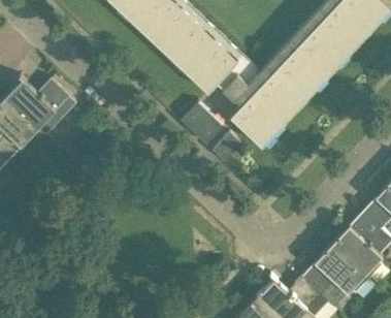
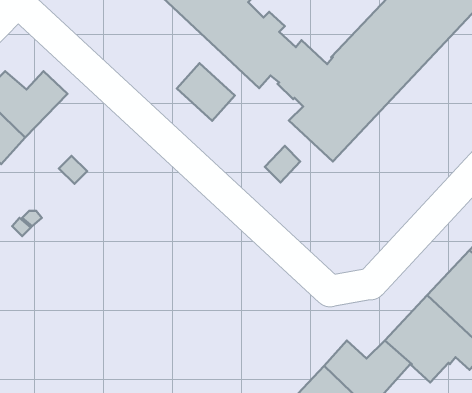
building: [181,103,223,146] -> [177,63,235,121]

